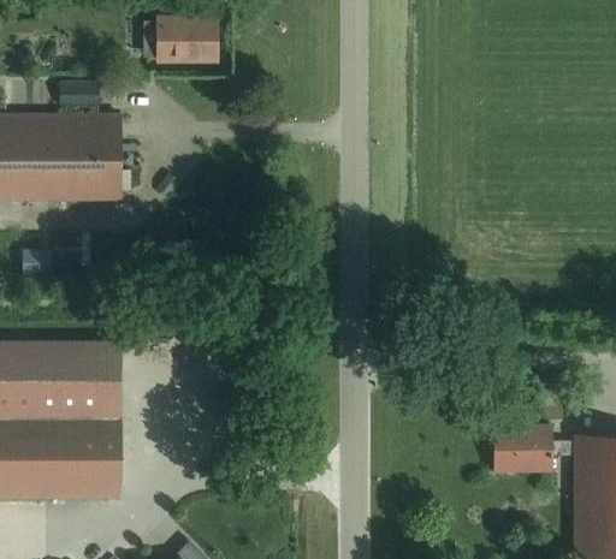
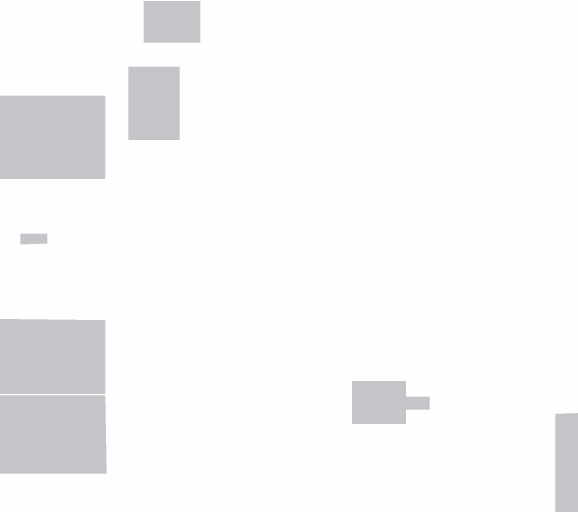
building: [59,82,97,107] -> none
building: none -> [128,66,180,141]
building: [493,426,574,470] -> [351,381,431,425]

